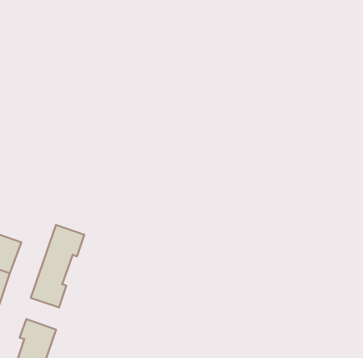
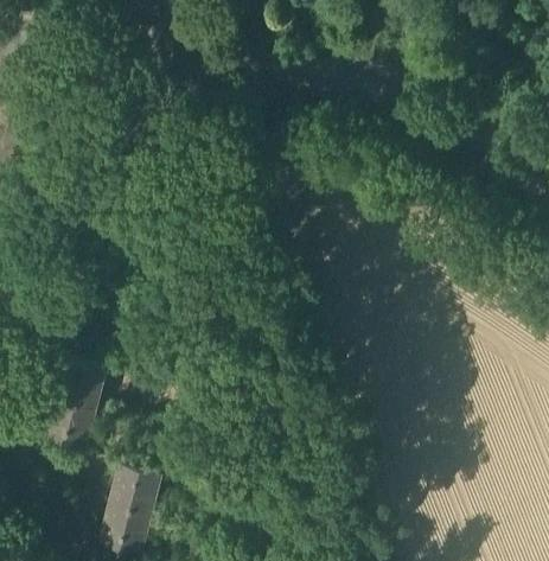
building: [31,225,84,308] -> none

